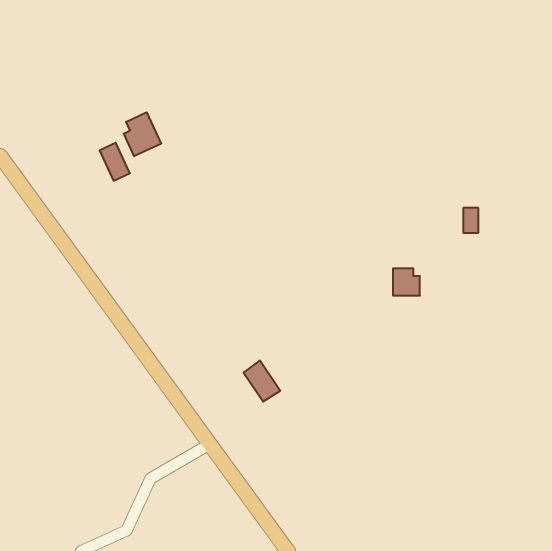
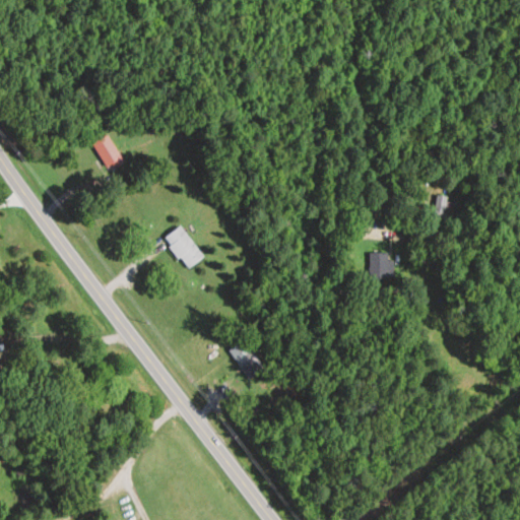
building: [124,112,161,156] -> none
building: none -> [164,225,205,268]

